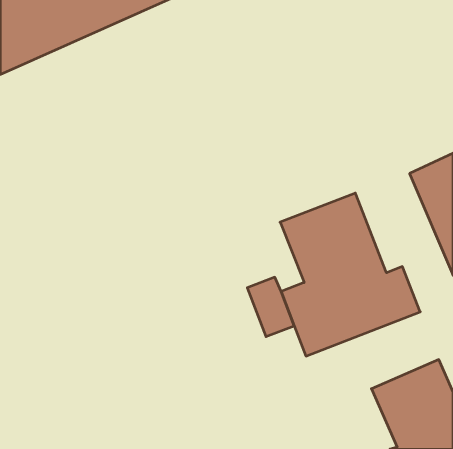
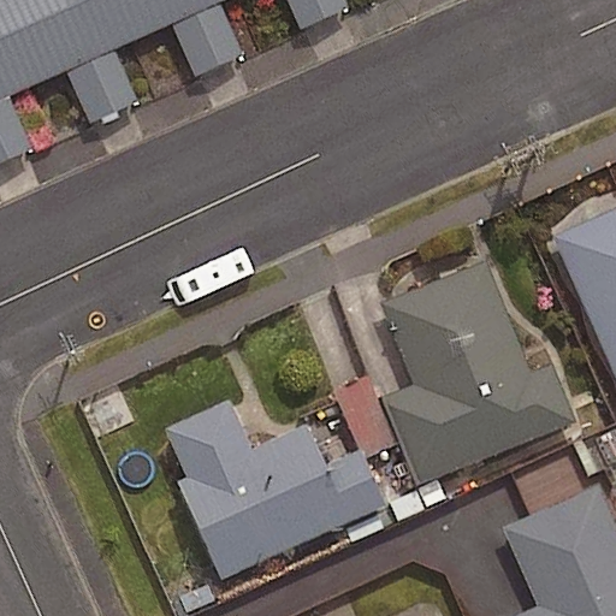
building: none -> [166,403,380,578]

